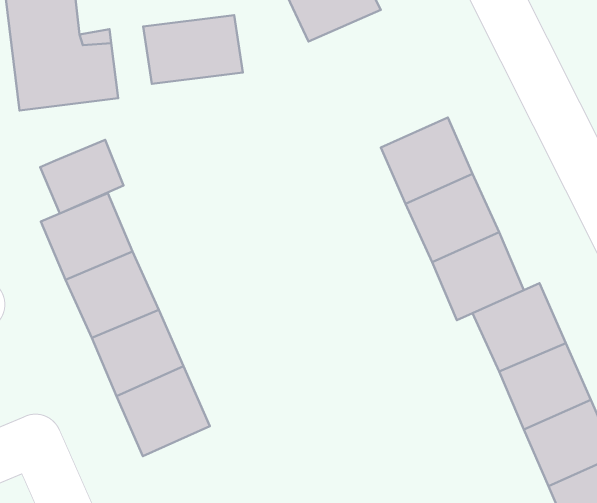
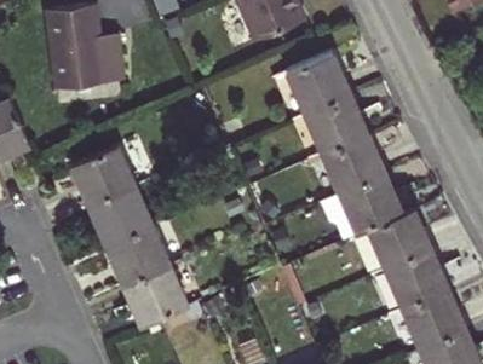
building: [143,15,243,84] -> none
building: none -> [284,52,350,115]
building: [40,140,124,213] -> none

